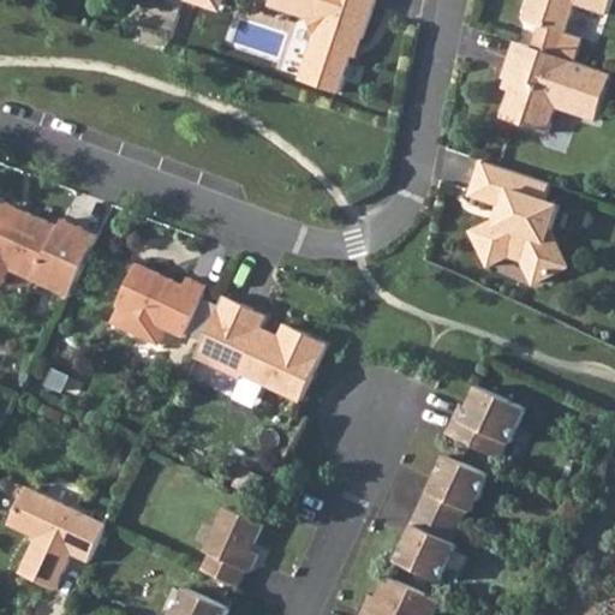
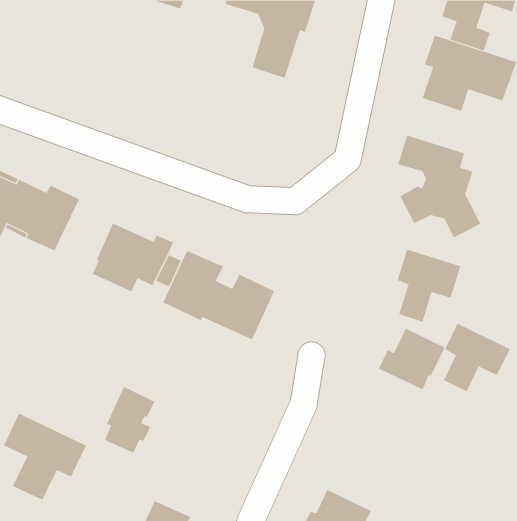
building: none -> [397,249,461,322]
building: none -> [443,323,511,392]
building: [394,455,486,581] -> none
building: [198,507,258,586] -> [104,386,155,453]

